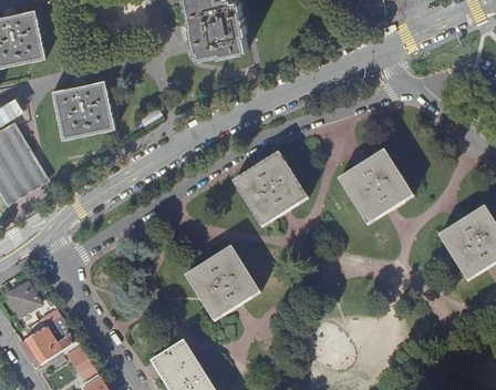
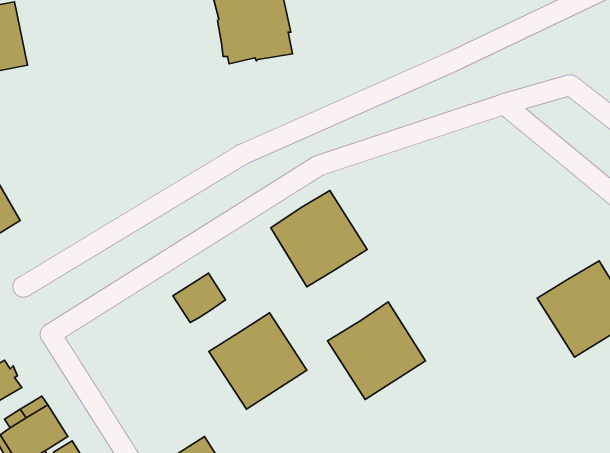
building: [52,76,115,136] -> none
building: [337,147,412,223] -> [328,302,425,400]
building: none -> [173,273,226,323]

